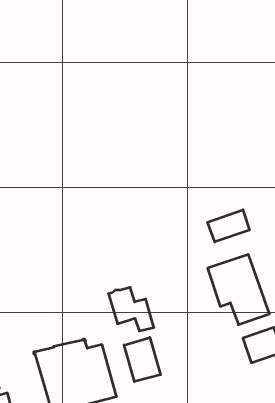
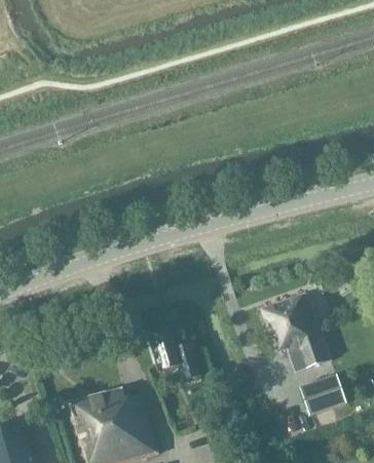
building: [208,210,249,242] -> none
building: [124,337,161,382] -> none

